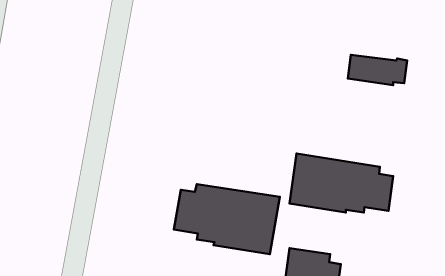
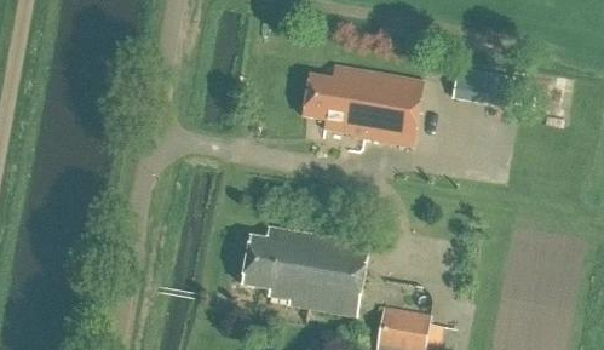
building: none -> [303,65,424,145]
building: [289,153,393,212] -> none

